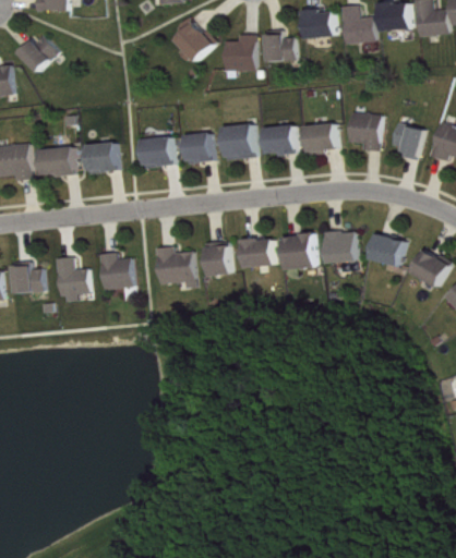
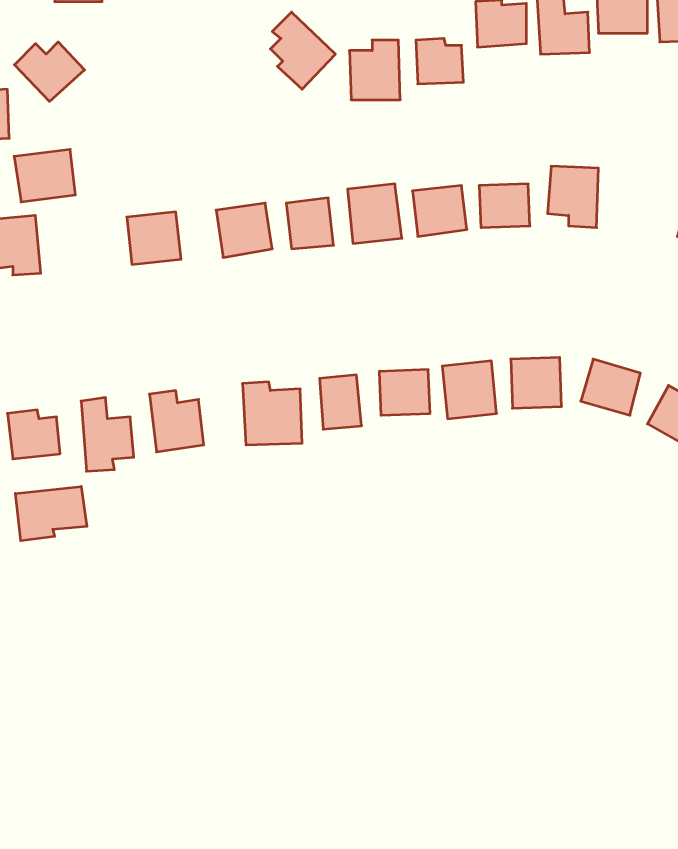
building: [389,122,422,160] -> none
building: [37,145,75,178] -> [14,149,75,202]
building: none -> [15,486,87,541]

